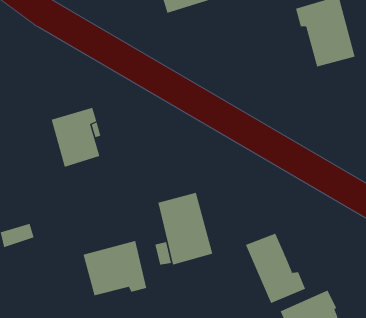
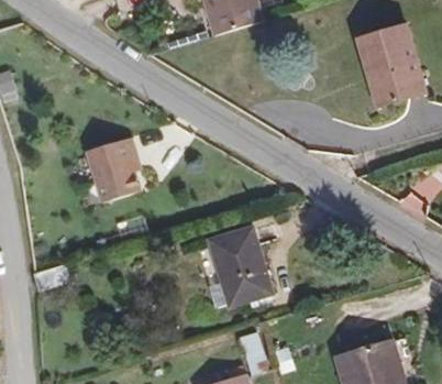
building: [245,233,306,304] -> none
building: [83,240,147,296] -> none

